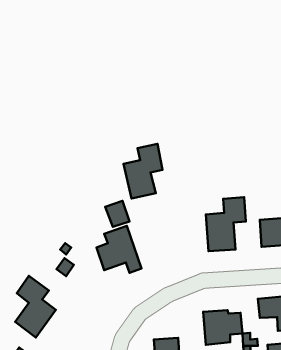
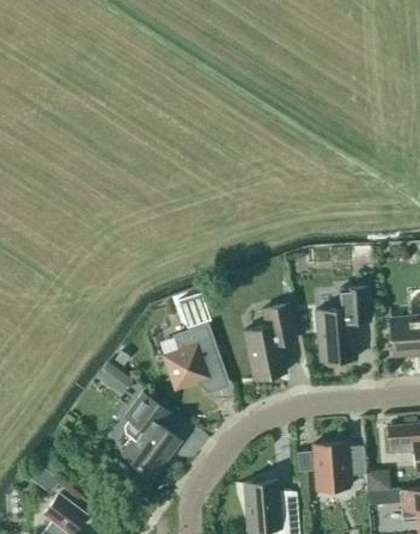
building: [124,144,163,198] -> [243,303,297,379]
building: [15,276,56,338] -> [123,392,179,477]

